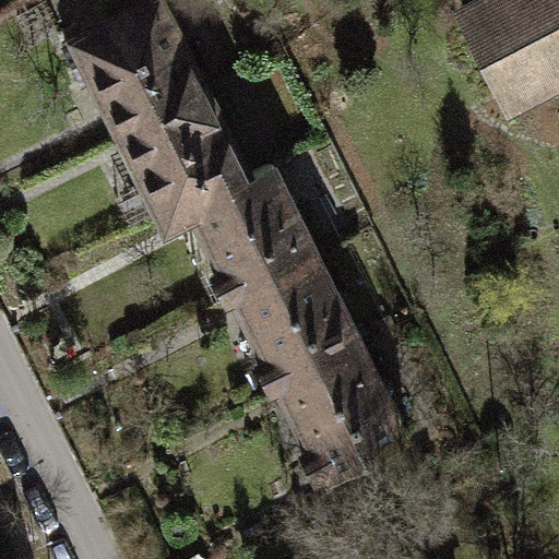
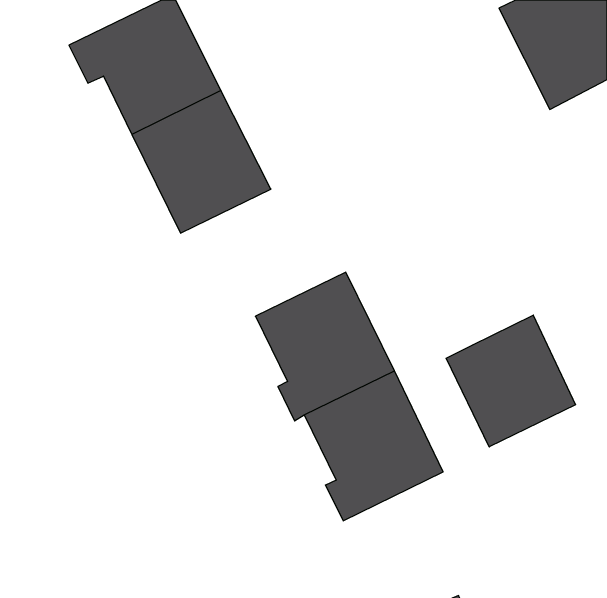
building: [191,170,318,304] -> none
building: none -> [446,315,576,447]

